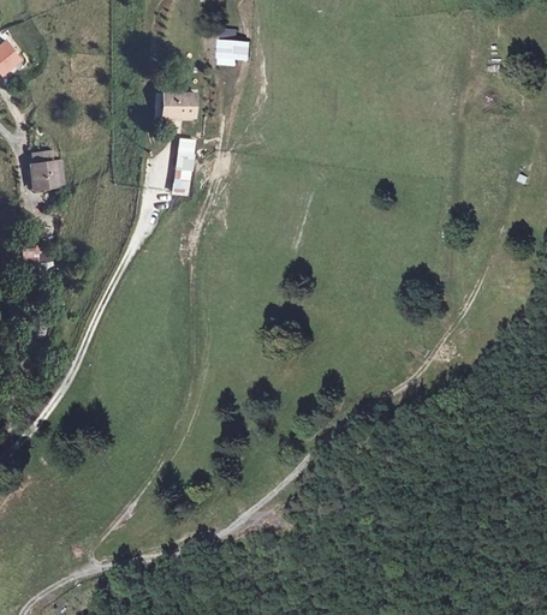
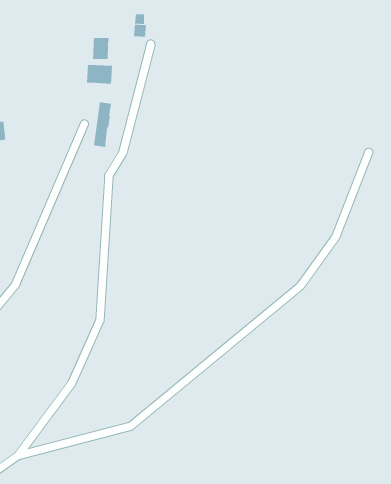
building: none -> [93,37,109,60]

